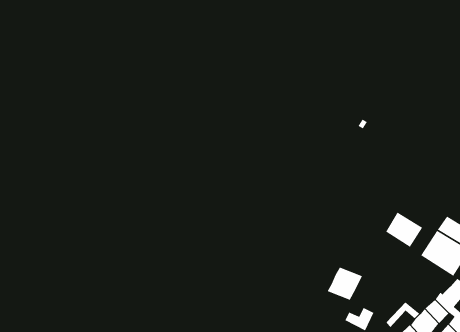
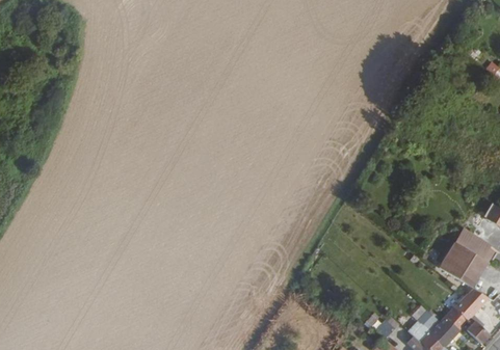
building: [385,212,423,248] -> none
building: [326,267,363,301] -> none

